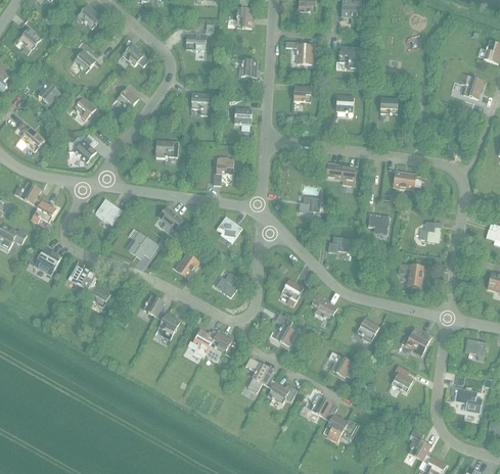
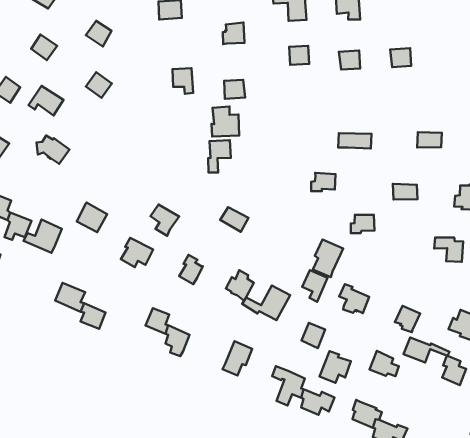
building: none -> [211,106,239,136]
building: [155,139,178,158] -> none
building: [28,245,61,275] -> [24,219,62,253]
building: none -> [313,239,343,277]
building: none -> [242,285,290,320]
building: [193,328,218,357] -> none
building: none -> [404,338,449,362]
building: none -> [319,351,351,383]

